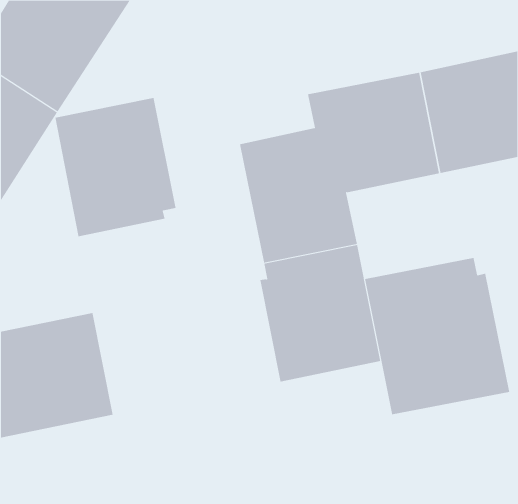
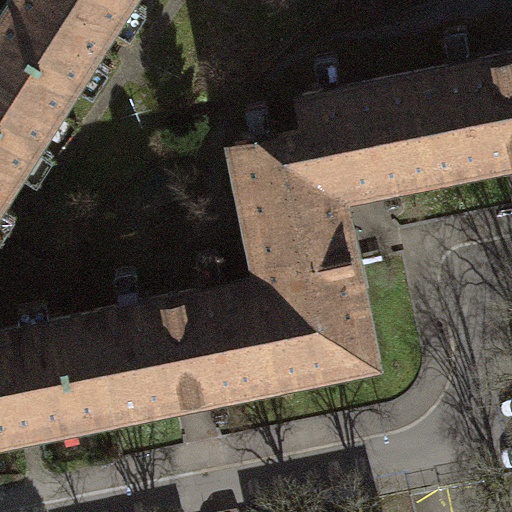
building: [55,97,176,237] -> none
building: [365,257,510,415] -> none
building: none -> [92,290,276,423]

